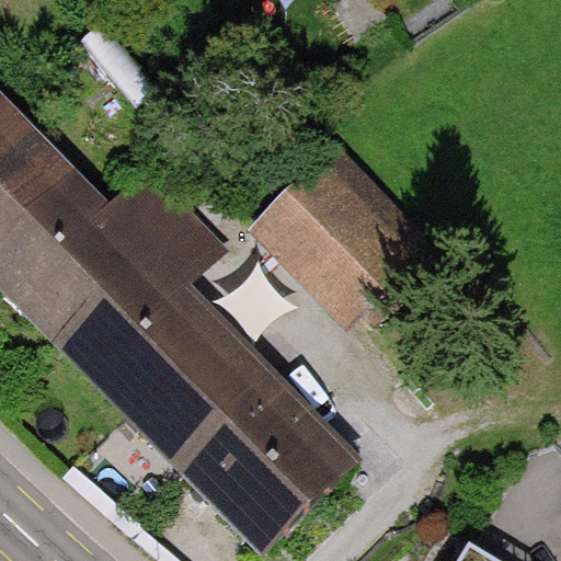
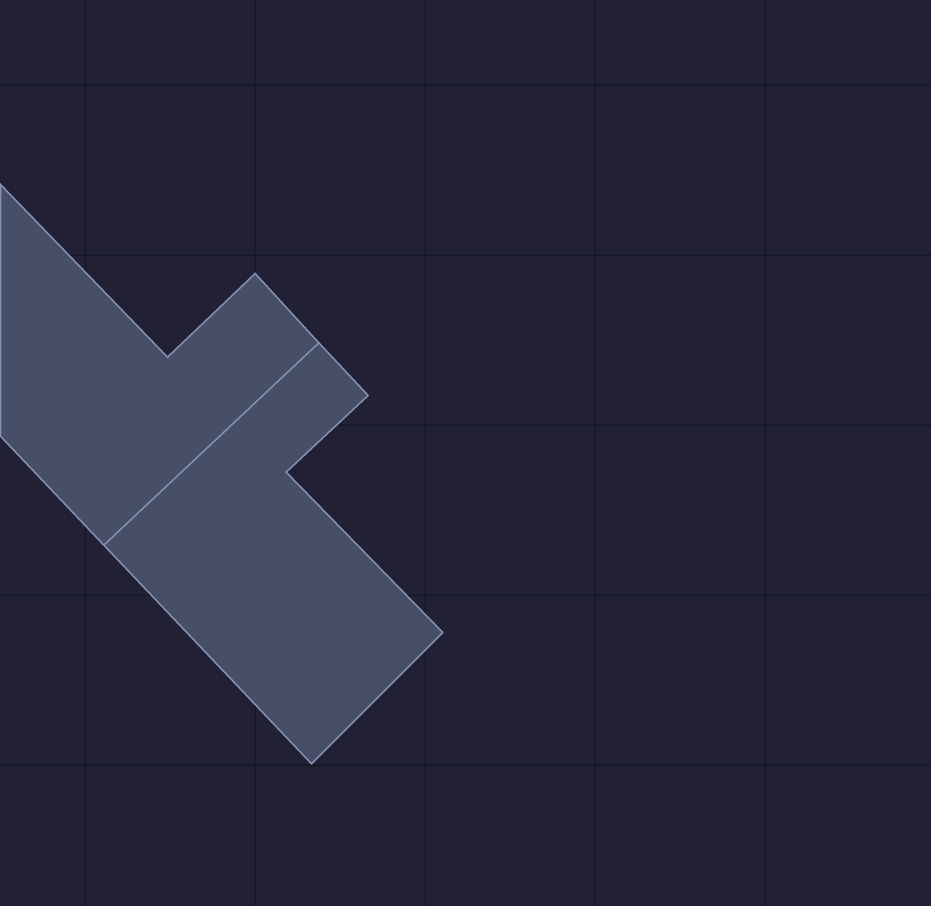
building: [273,146,432,305] -> none
building: [187,380,347,540] -> none

